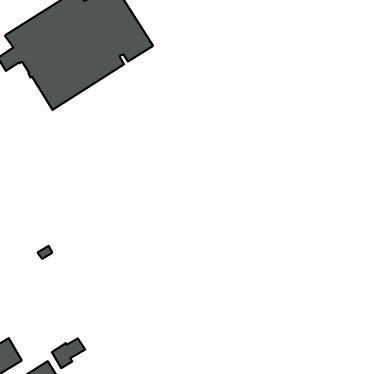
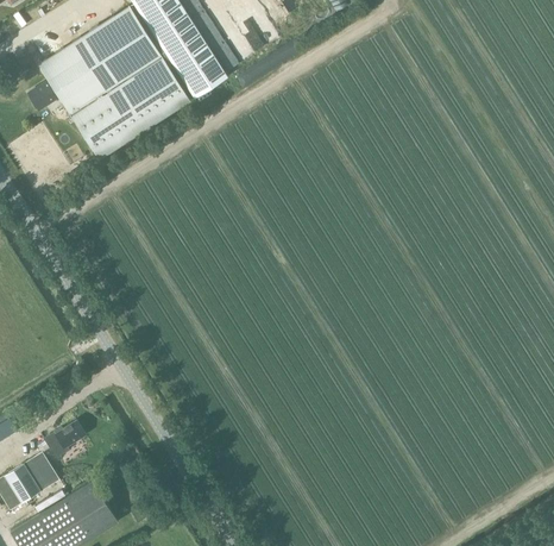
building: [52,338,85,368] -> [43,420,86,458]

